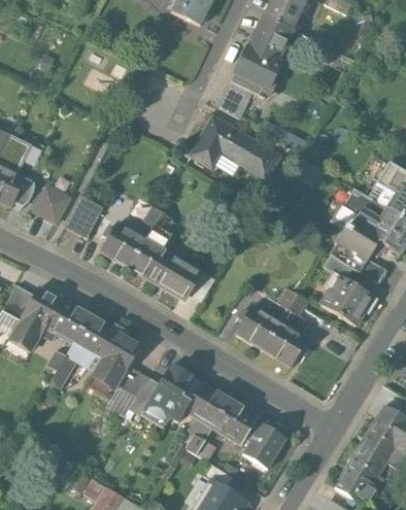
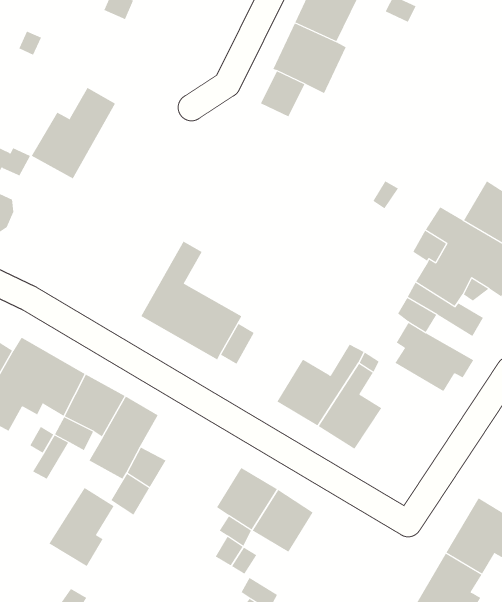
building: [188,112,283,181] -> none
building: [32,184,72,226] -> none
building: [66,197,103,238] -> none
building: [98,199,162,268] -> [31,87,116,179]
building: [146,368,196,428] -> [49,487,115,567]
building: [244,424,290,474] -> none

